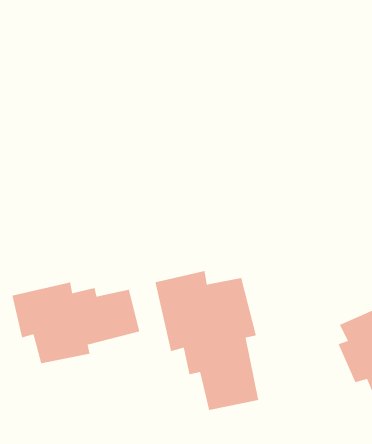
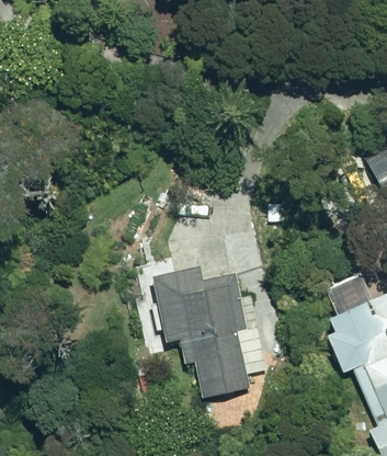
building: [11,281,140,364] -> none

